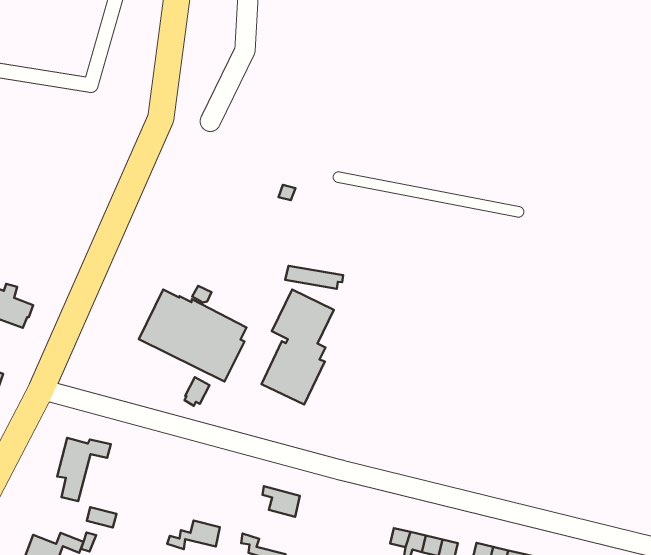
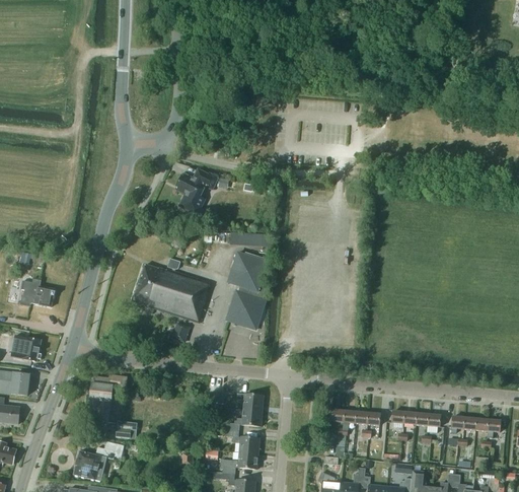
building: none -> [175,168,216,215]
building: [167,520,220,549] -> [226,409,262,430]

